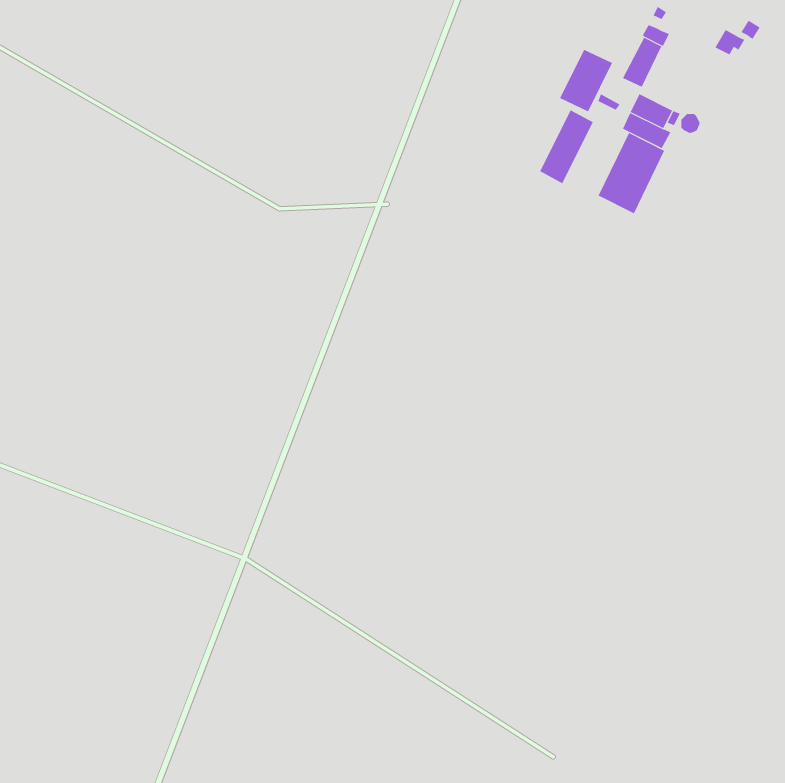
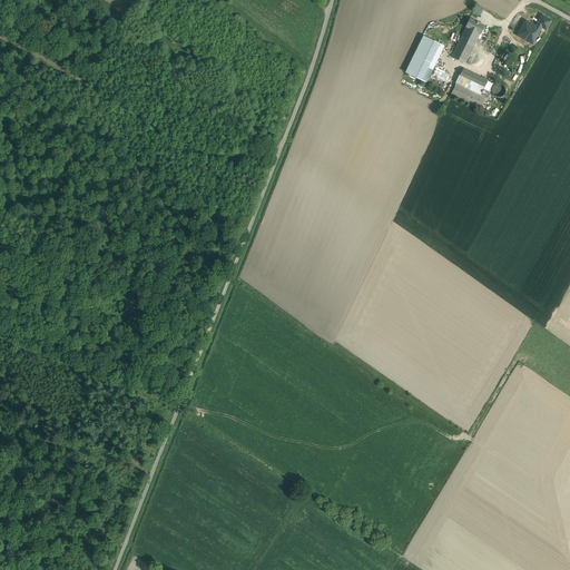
building: [539,109,594,184] -> none
building: [598,132,665,214] -> none

